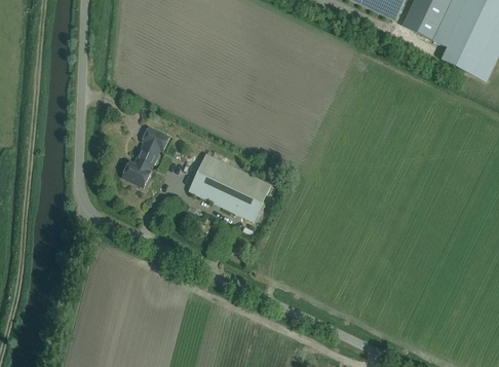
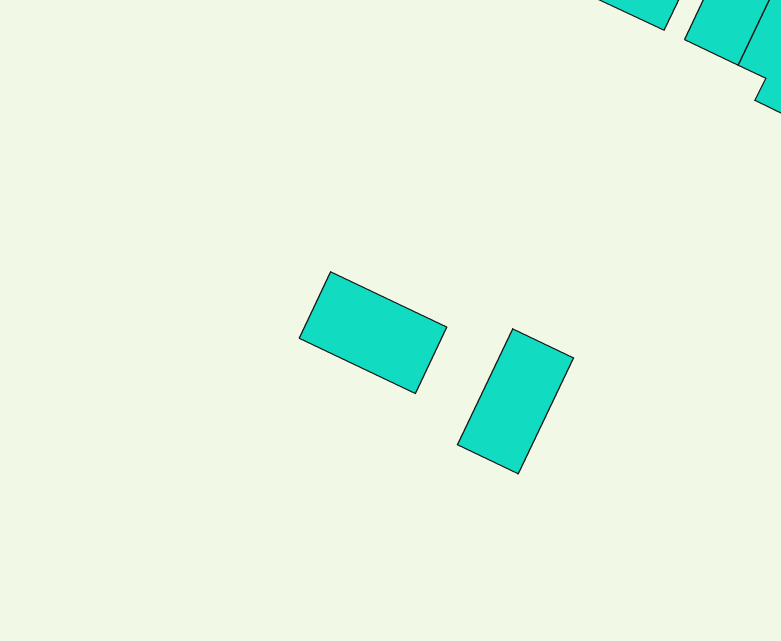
building: [122,127,169,188] -> none
building: none -> [457,329,573,474]

